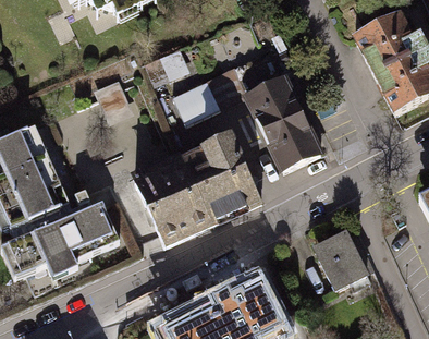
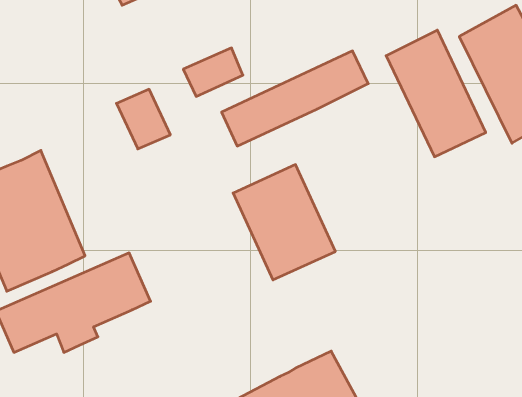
building: [246,70,322,167] -> [386,30,486,157]
building: [134,154,212,242] -> none
building: [315,230,369,290] -> none

